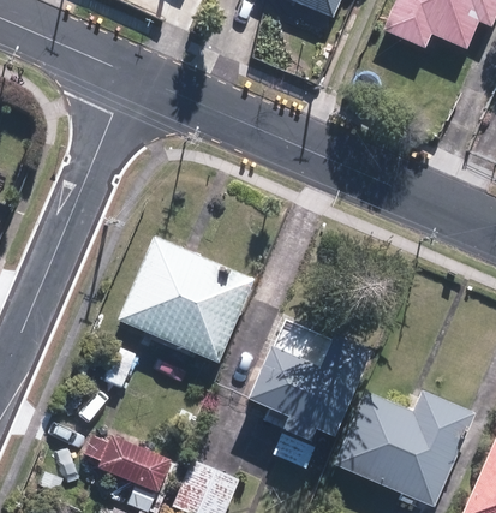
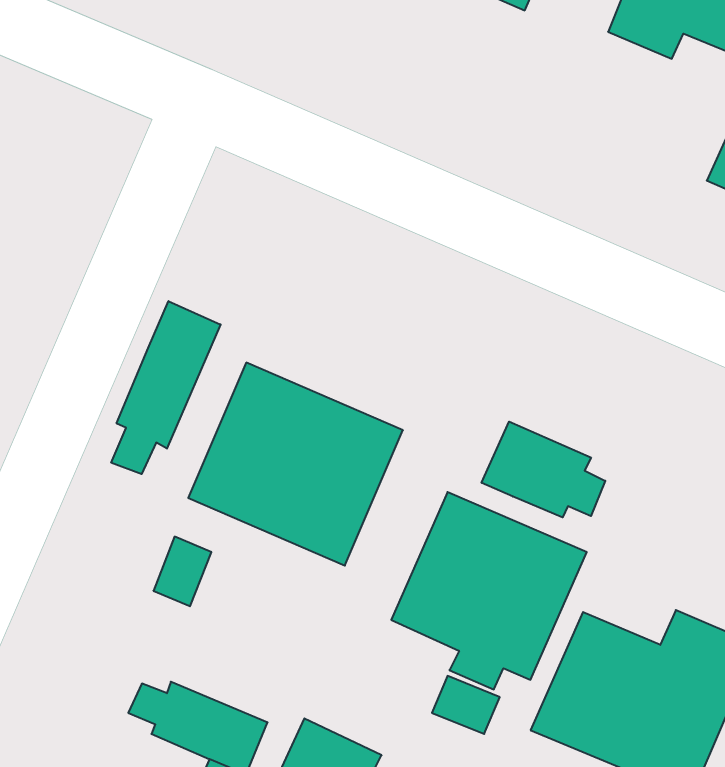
building: none -> [111,301,221,474]
building: none -> [482,422,605,517]

